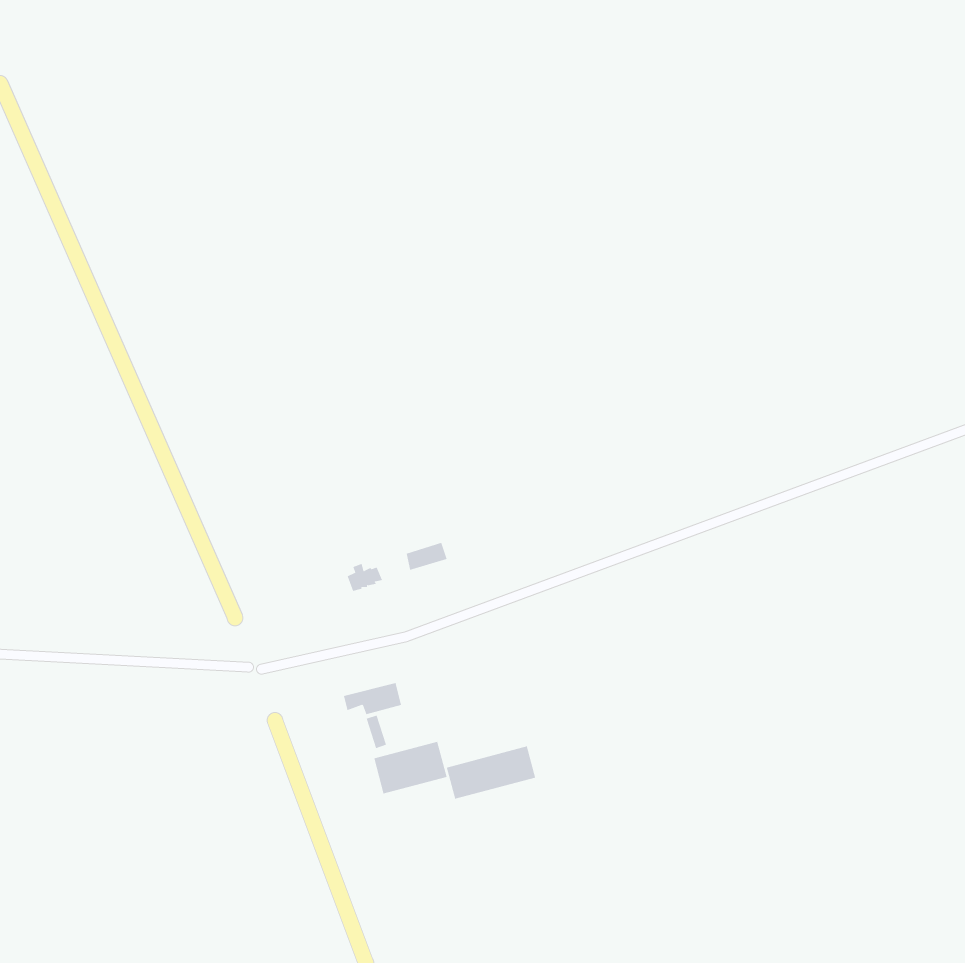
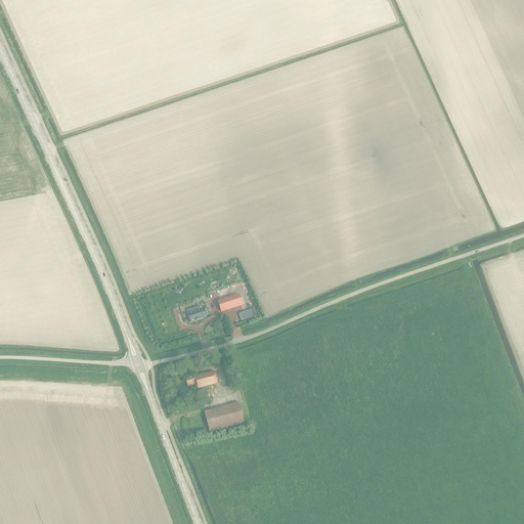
building: [446,746,536,799] -> none

